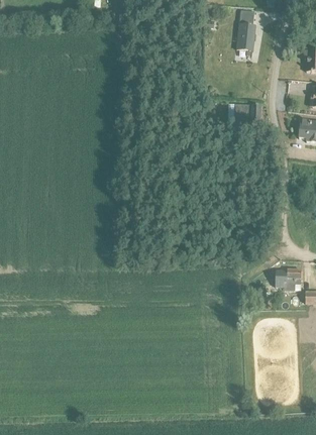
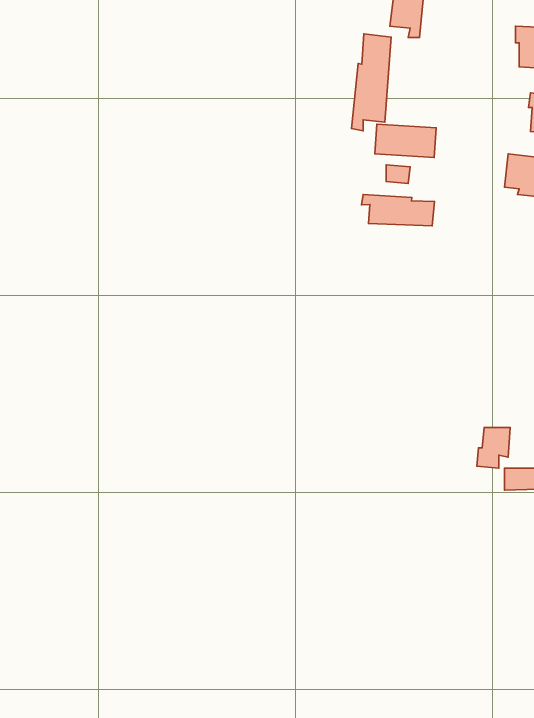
building: none -> [352,34,391,131]
building: none -> [361,194,434,226]

